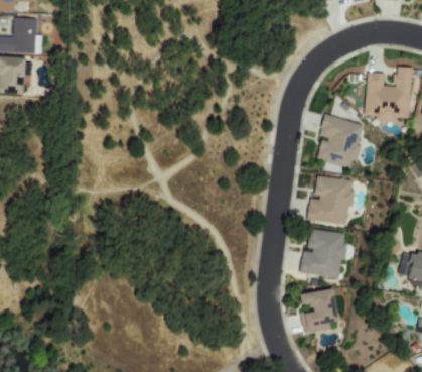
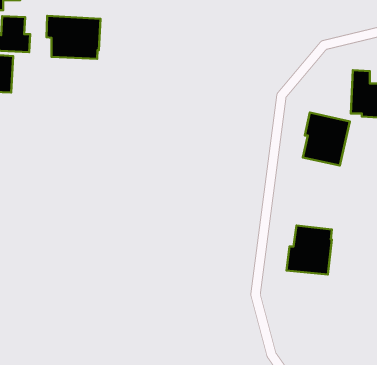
building: none -> [47,16,100,59]
building: [308,175,356,225] -> none
building: [300,288,339,333] -> none

